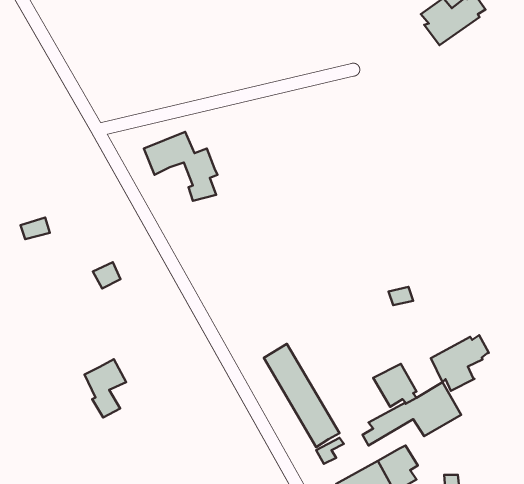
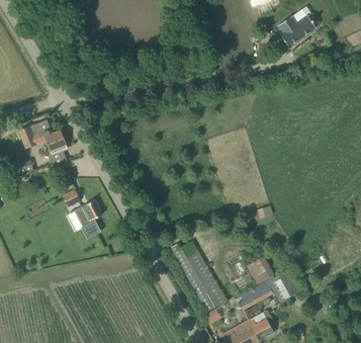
building: [144,132,218,201] -> [19,119,68,165]
building: [431,335,489,391] -> none
building: [85,359,126,418] -> [76,199,103,238]

